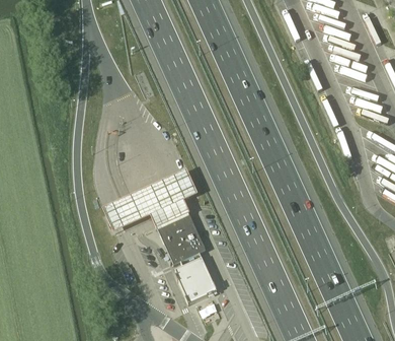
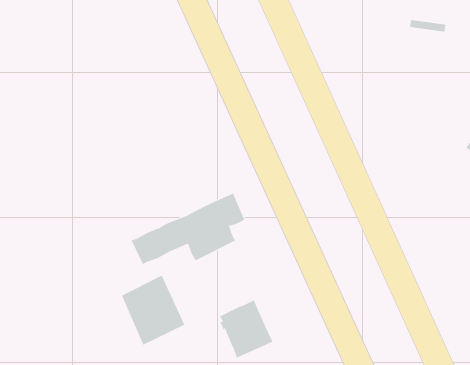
building: [155,210,206,266] -> [121,275,185,345]

